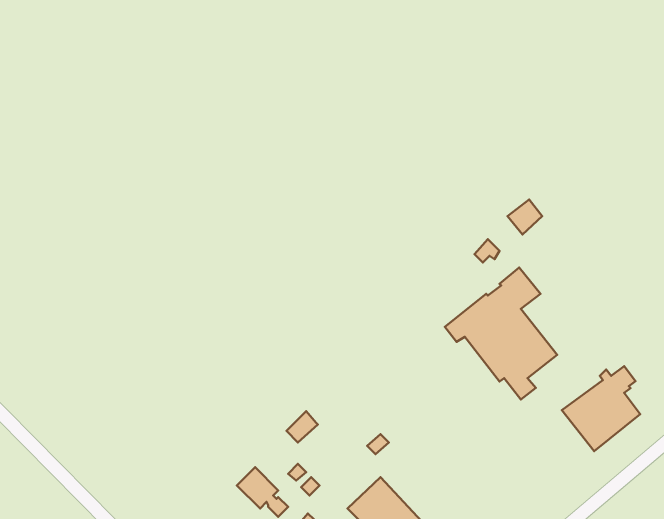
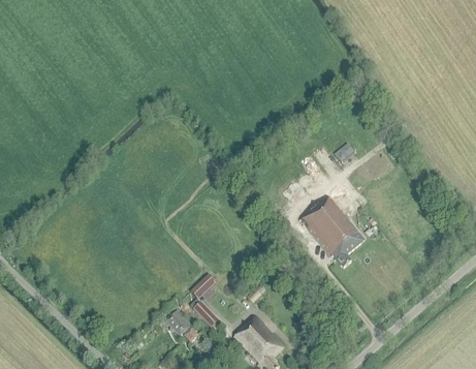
building: [562,366,640,451] -> none

